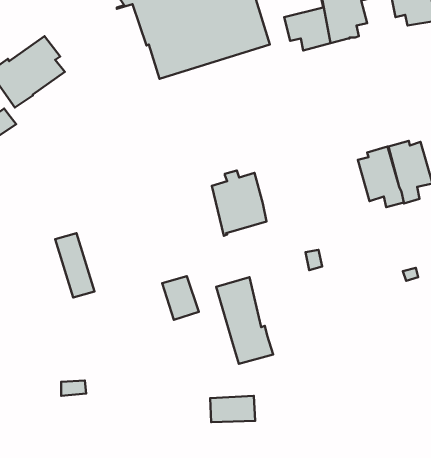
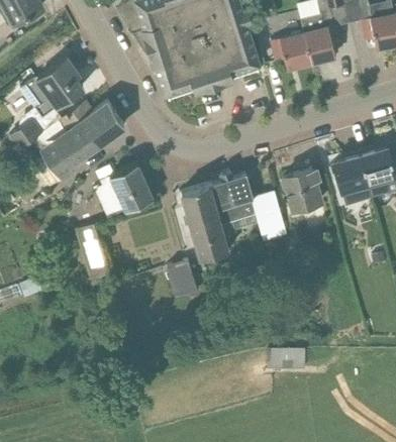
building: none -> [40,102,124,181]
building: none -> [97,164,154,218]
building: none -> [283,170,321,211]
building: none -> [253,195,286,243]
building: [216,277,273,364] -> [181,186,229,259]
building: [210,396,255,422] -> [270,347,308,369]

